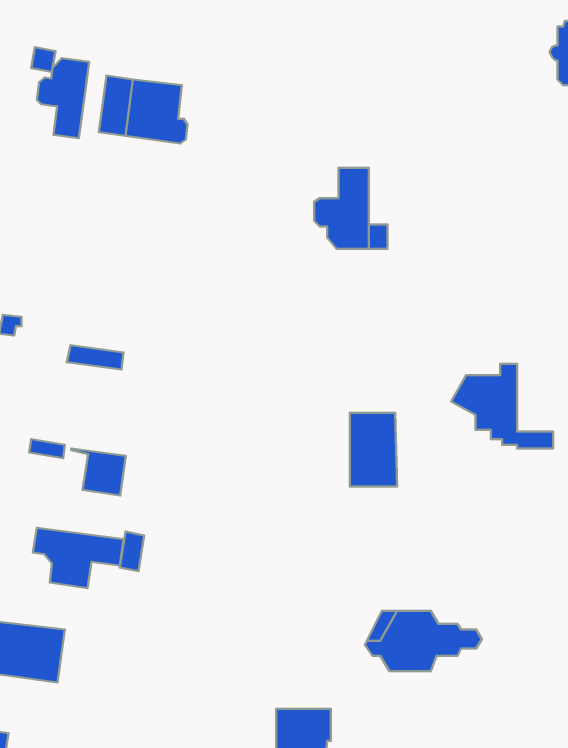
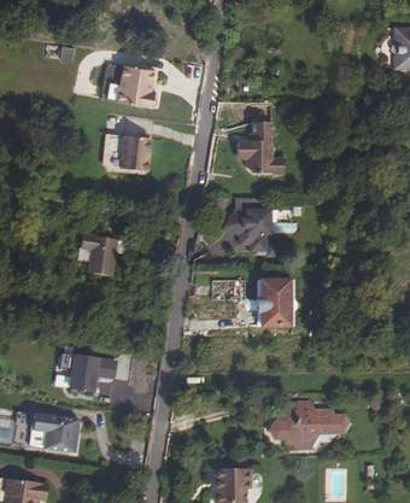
building: [37,58,89,138] -> none
building: none -> [105,134,152,171]
building: [451,364,553,449] -> [226,203,291,257]
building: [71,448,126,496] -> [81,246,116,276]

